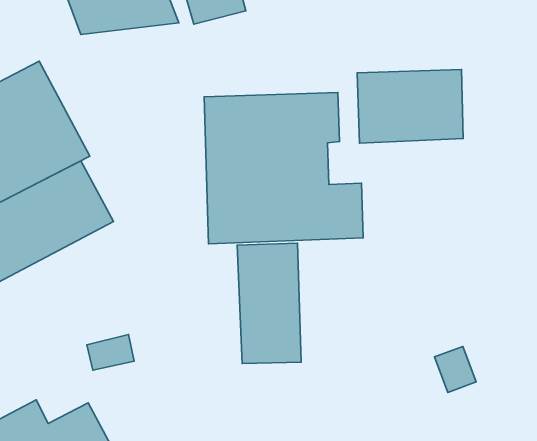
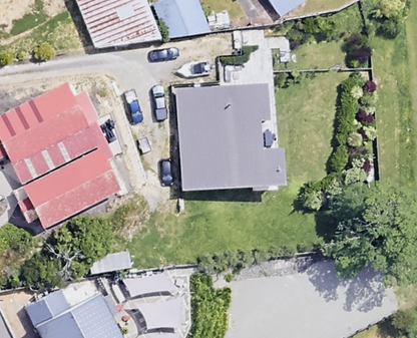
building: [357,69,463,143] -> none
building: [237,243,301,363] -> none

